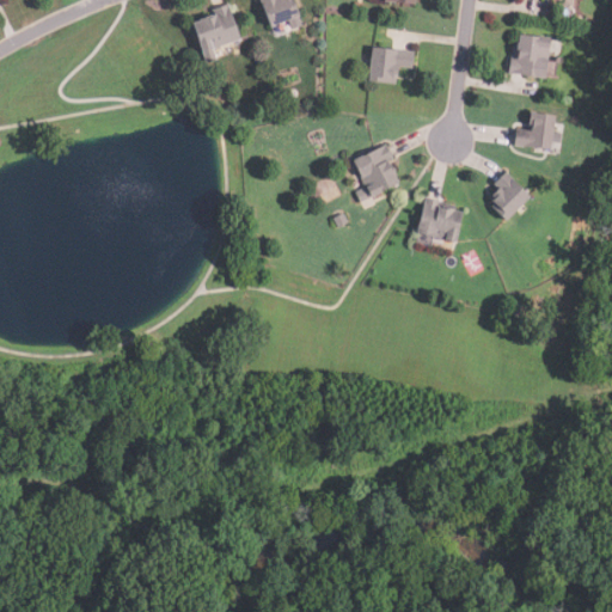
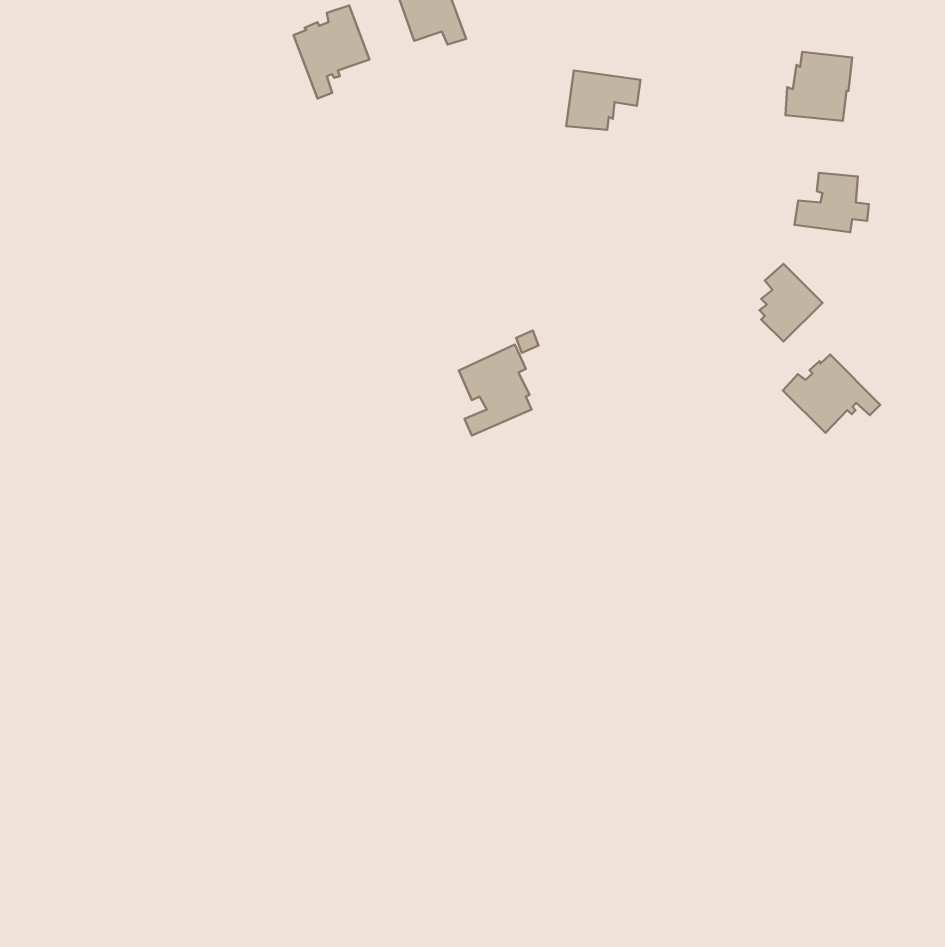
building: [351,142,398,201] -> [459,345,531,436]
building: [416,195,464,243] -> none
building: none -> [783,355,880,433]

